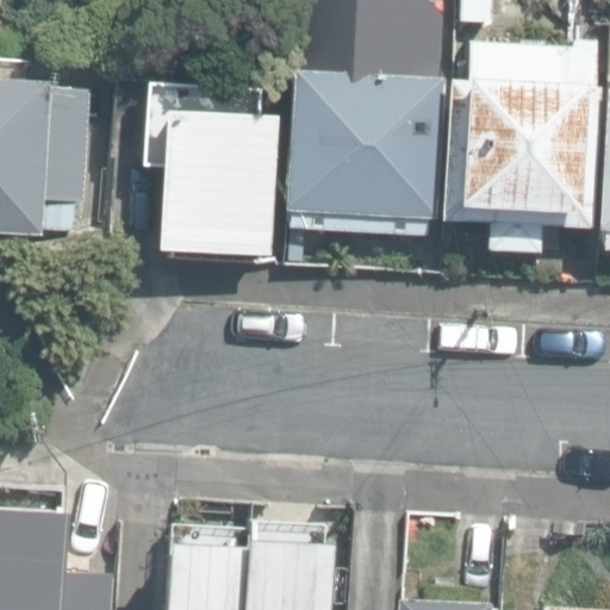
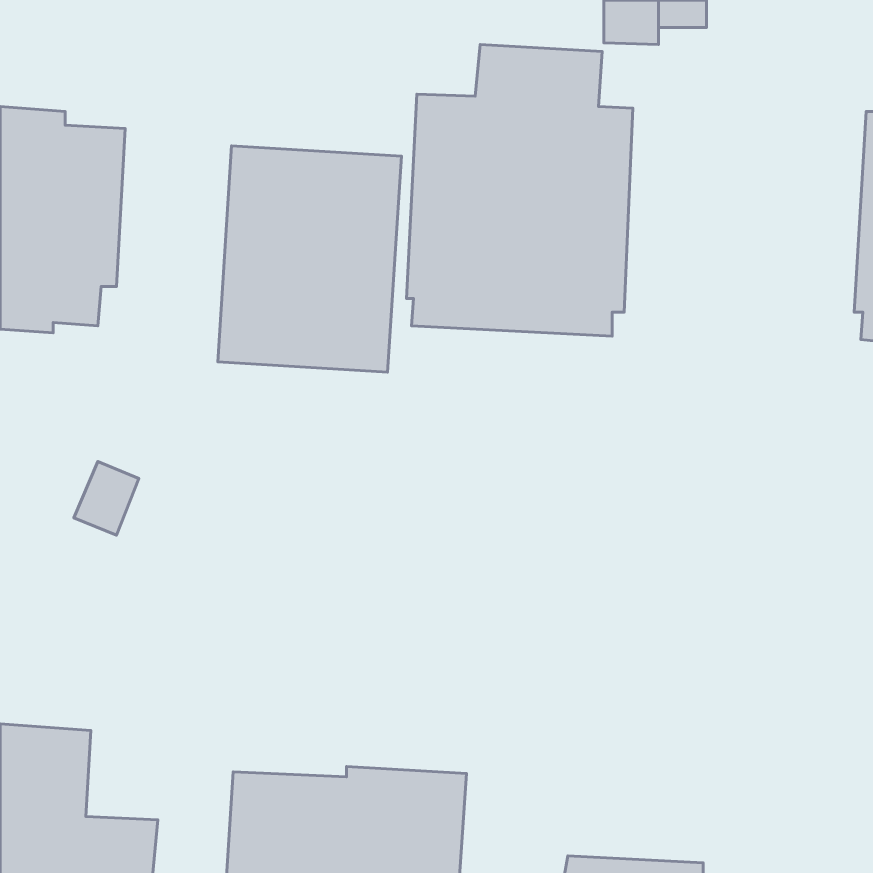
building: [440,38,598,251] -> none

